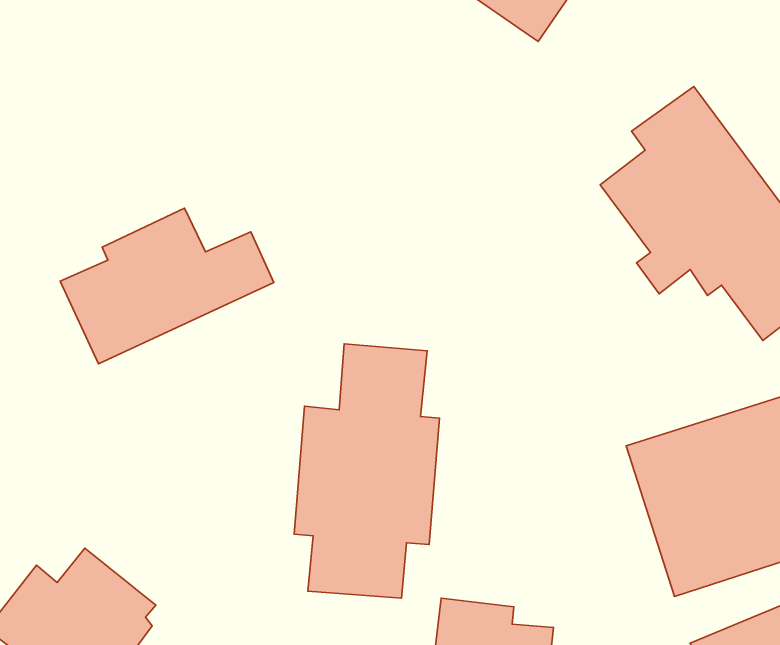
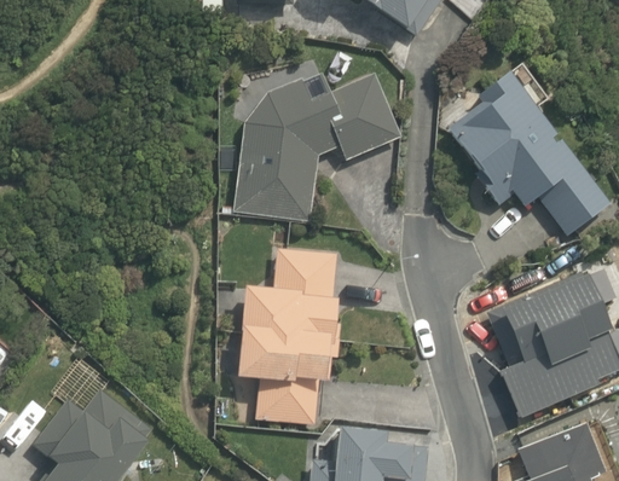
building: none -> [227,71,405,234]
building: [60,208,274,364] -> none

